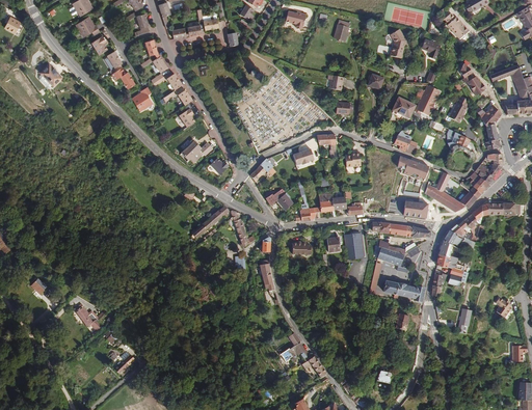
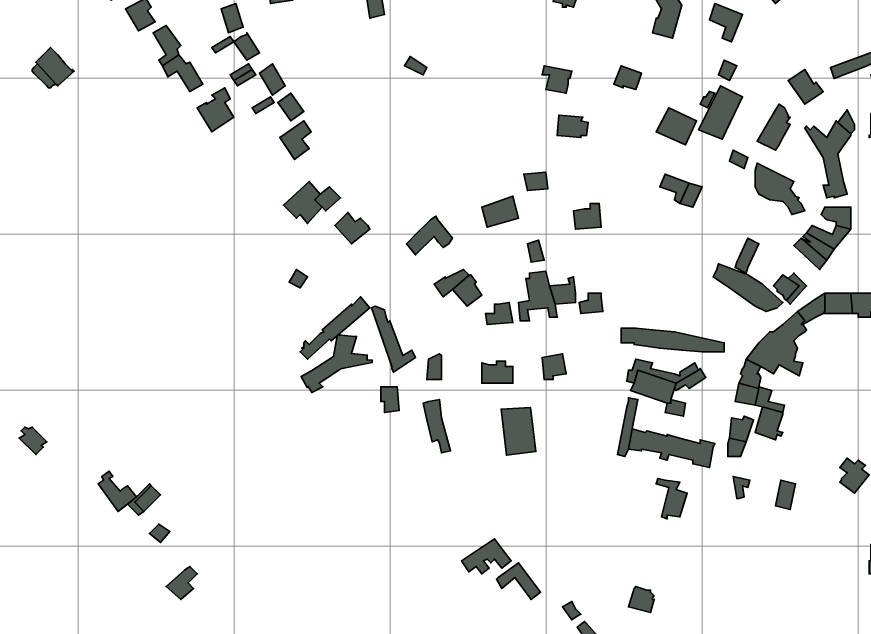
building: [396,156,429,182] -> none
building: [402,200,429,220] -> none
building: none -> [301,335,372,393]
building: [344,233,364,259] -> [501,407,536,455]

